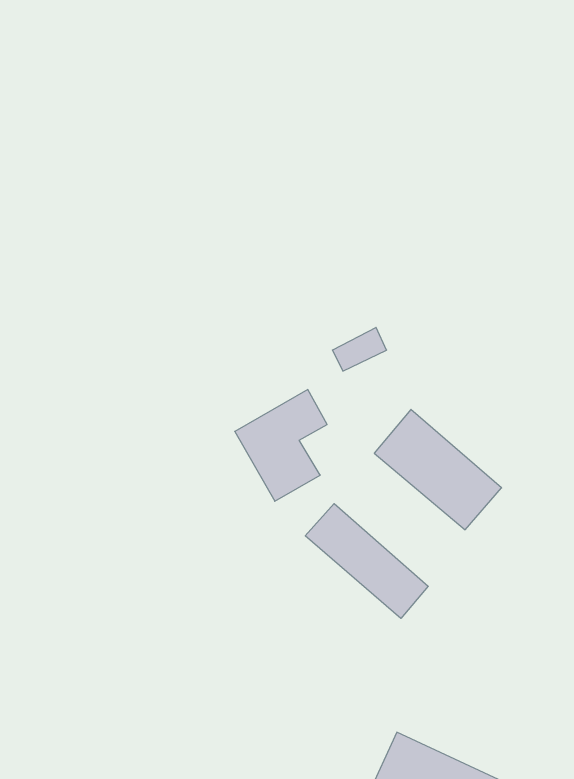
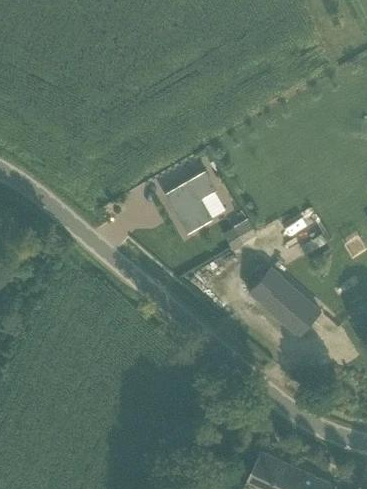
building: [235,390,327,501] -> [163,171,216,235]
building: [305,504,428,618] -> none

